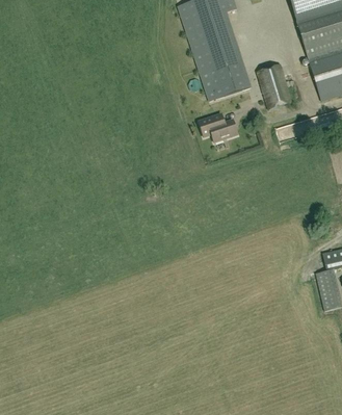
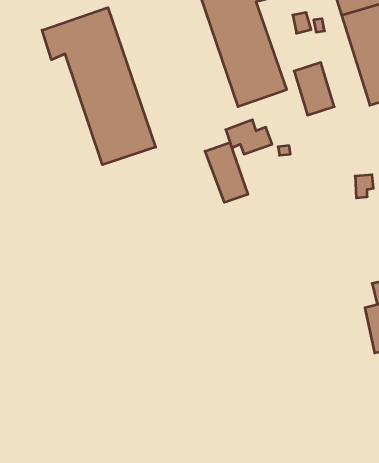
building: none -> [42,8,156,165]
building: none -> [205,142,248,202]

